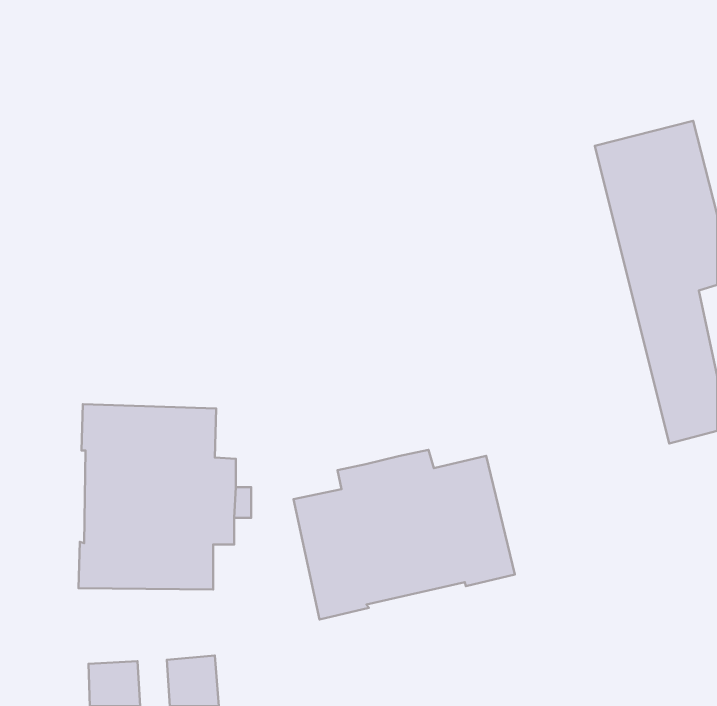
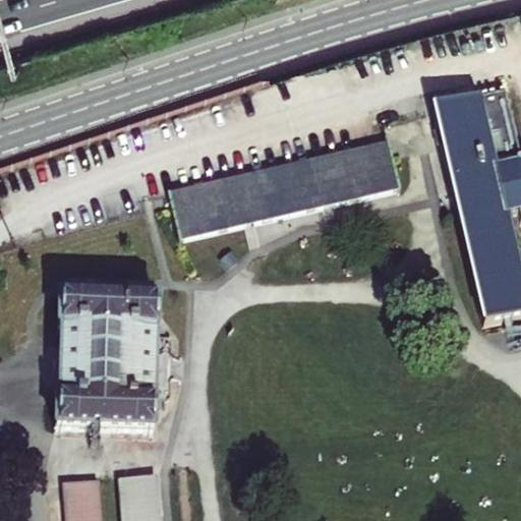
building: none -> [166,136,401,239]
building: [293,450,515,620] -> none

